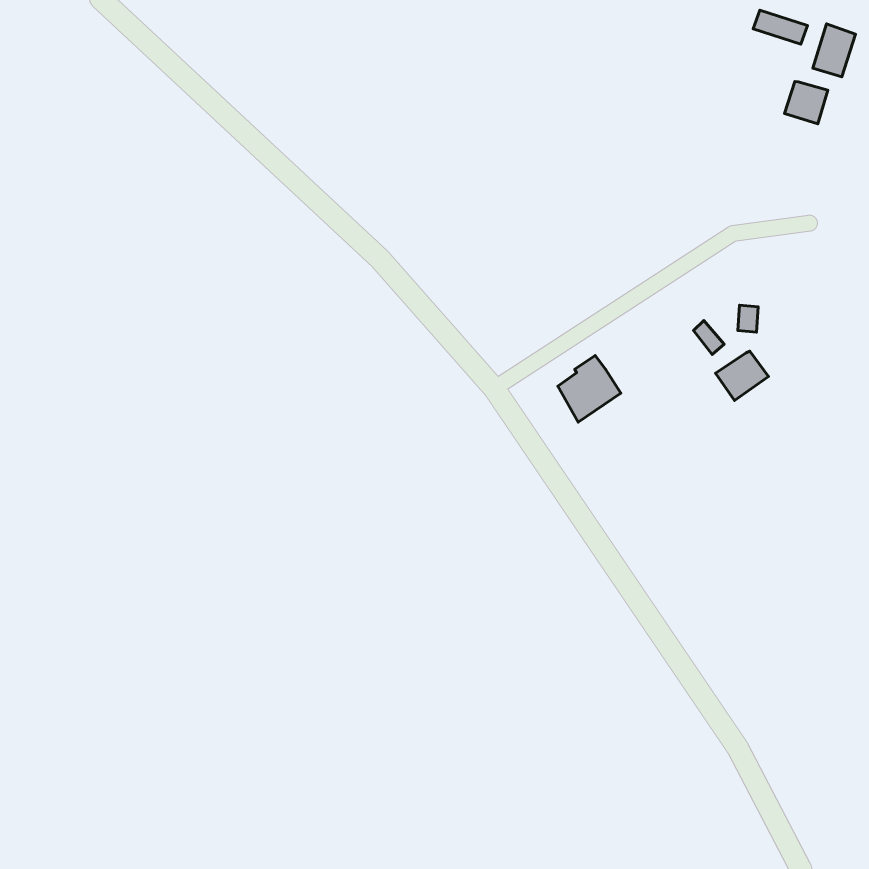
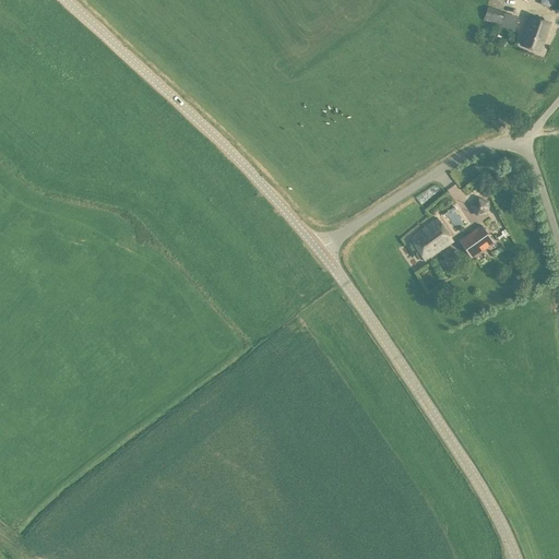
building: [784,82,828,124] -> none
building: [558,356,621,422] -> [411,217,451,260]

